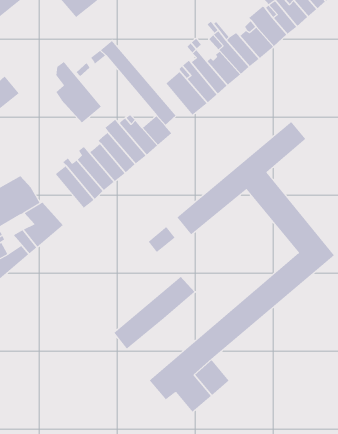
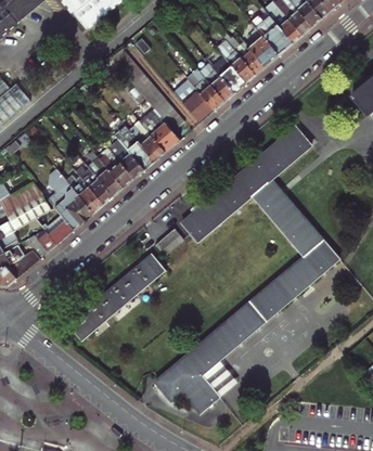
building: [55,61,102,123] -> [47,169,92,230]
building: [113,276,195,349] -> [77,262,157,334]

